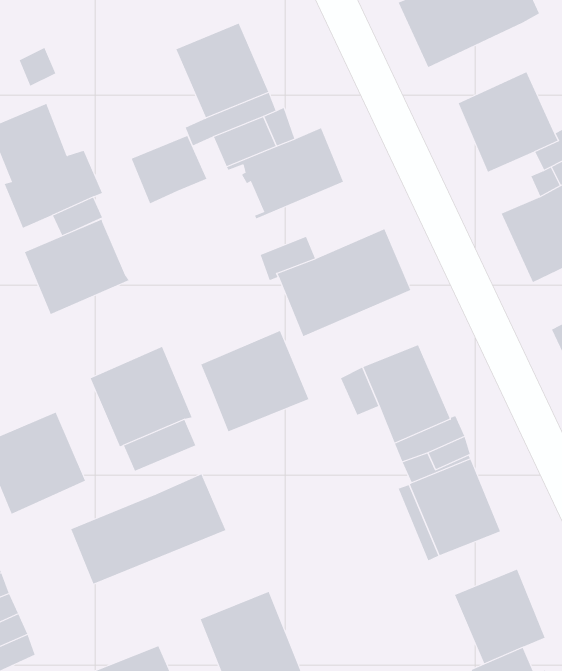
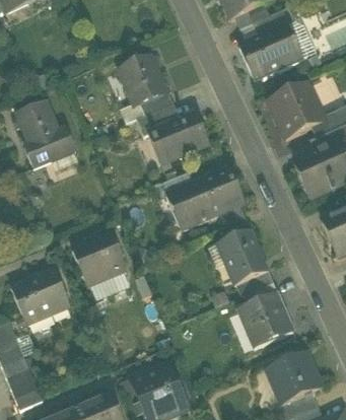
building: [131,135,207,204] -> none
building: [24,219,129,315] -> none
building: [200,330,309,432] -> none
building: [71,473,226,585] -> none

